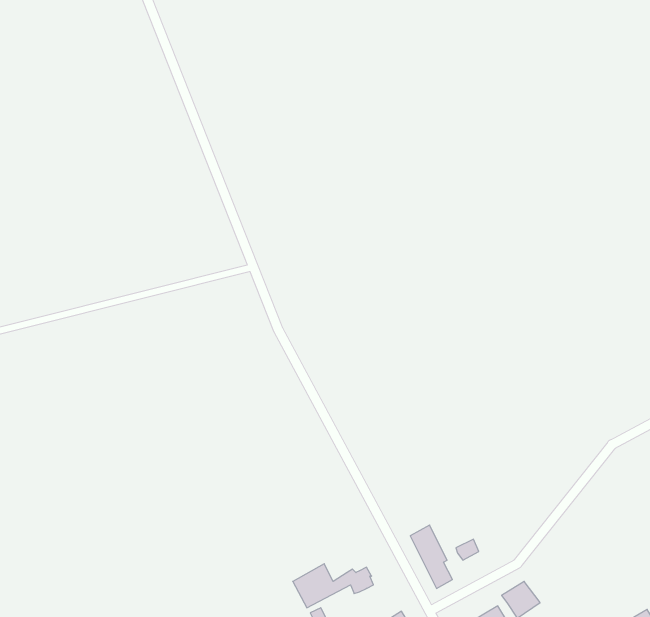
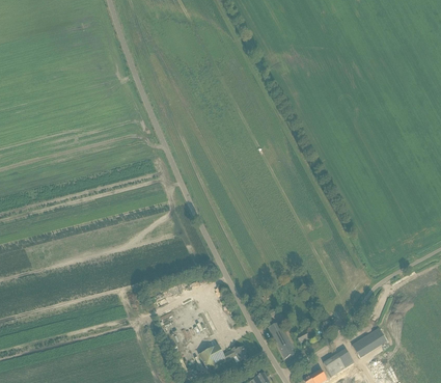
building: none -> [352,328,387,358]

